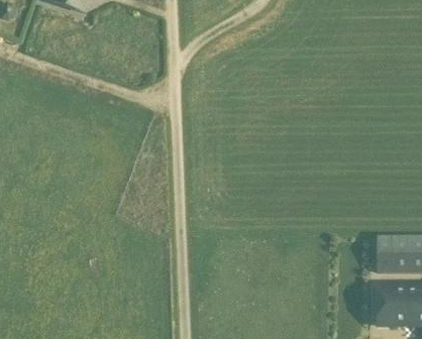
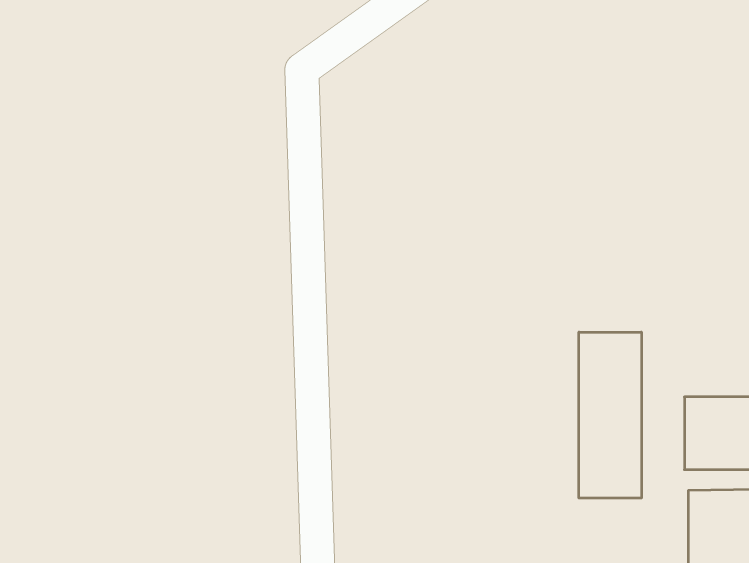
building: none -> [579,332,641,498]

